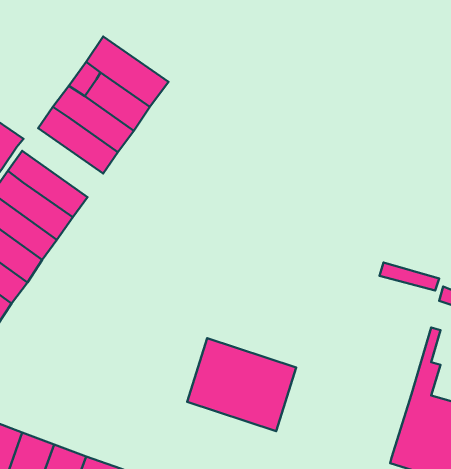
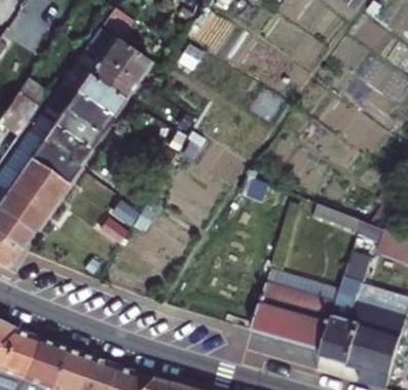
building: none -> [39,101,102,154]
building: [187,338,296,431] -> [256,283,340,355]

